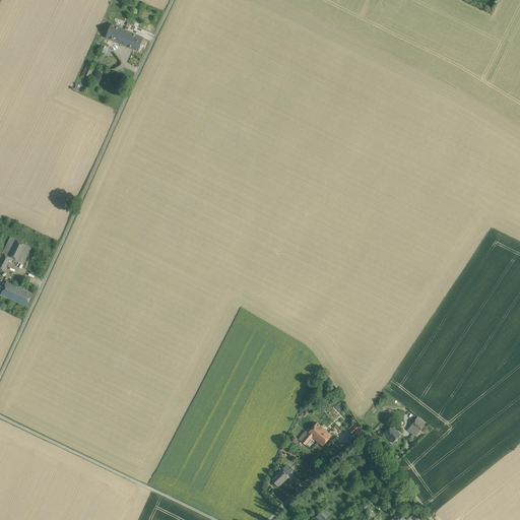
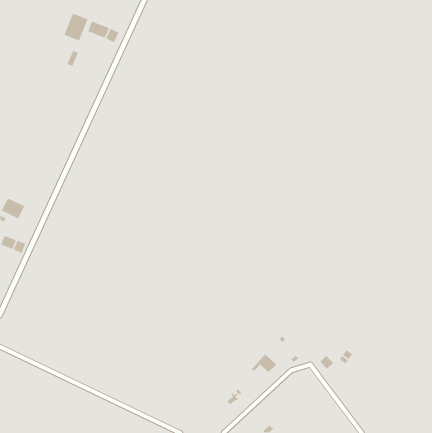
building: none -> [63,13,89,41]

